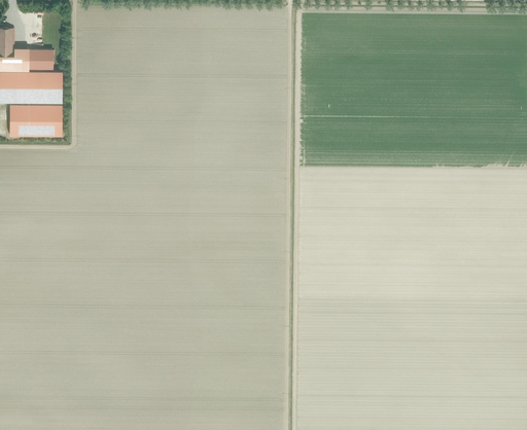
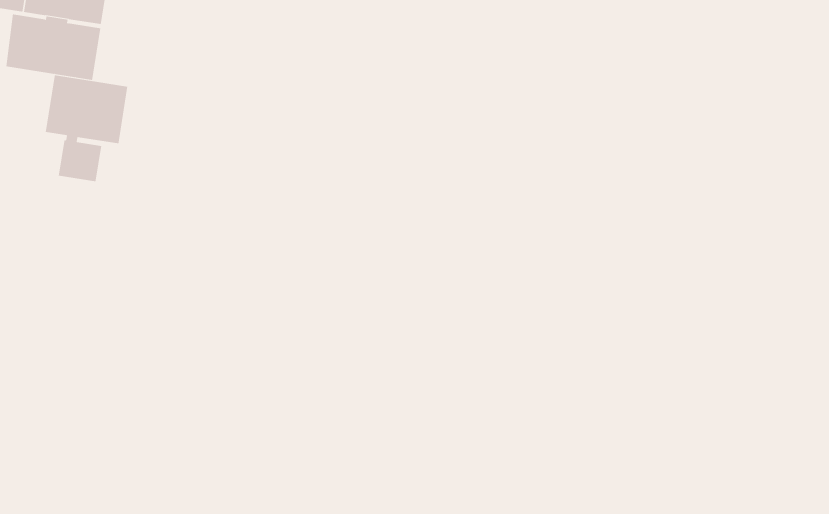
building: none -> [45,74,128,182]

